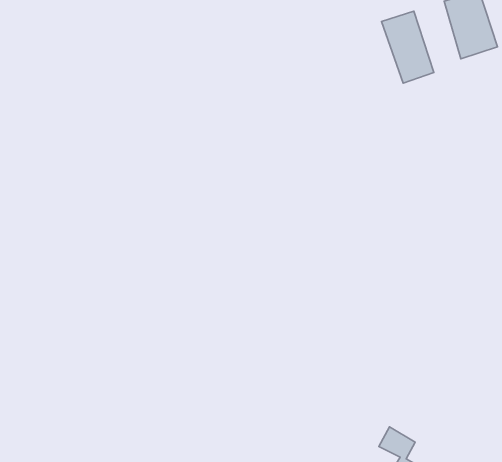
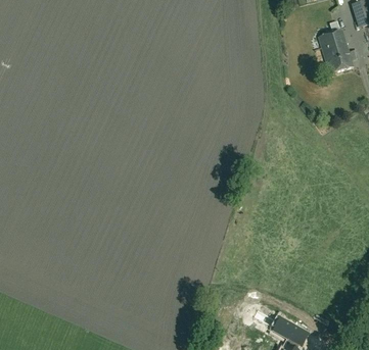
building: [381,11,434,83] -> none

